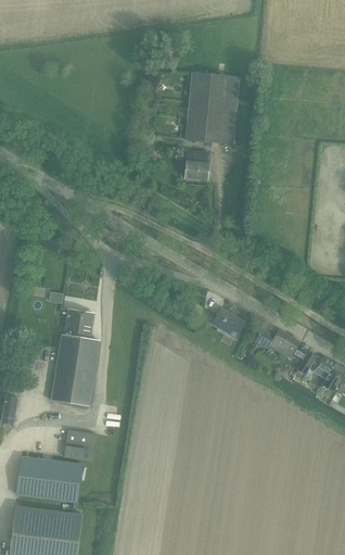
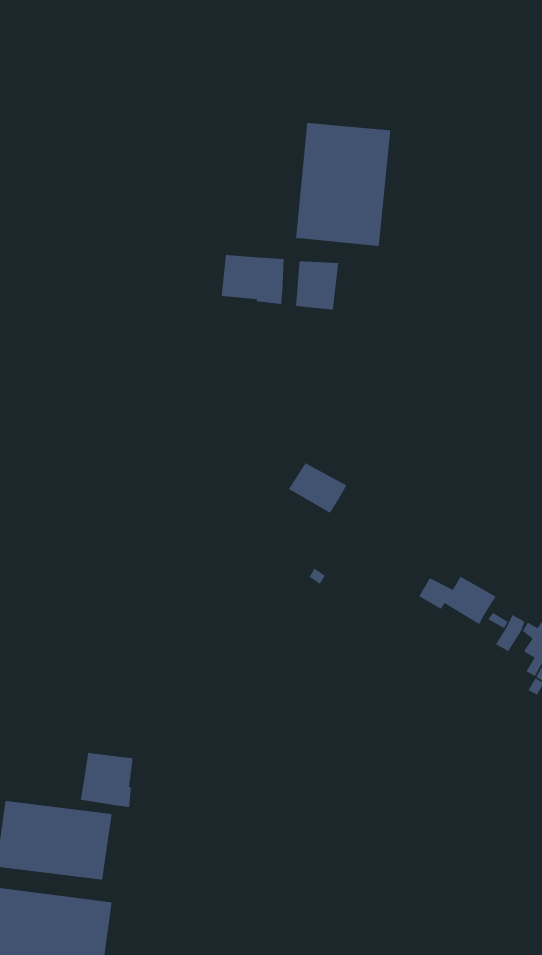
building: none -> [221,254,285,305]
building: [212,307,245,337] -> [288,462,348,514]
building: [51,308,99,405] -> none

